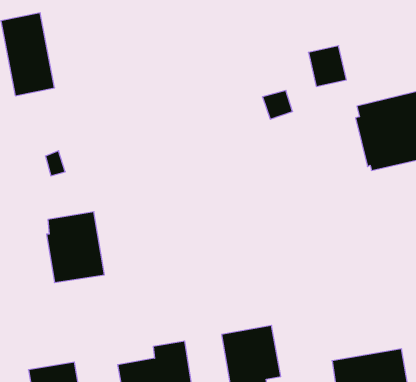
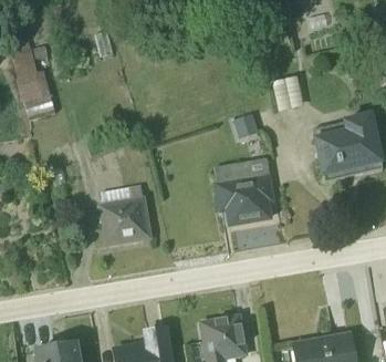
building: none -> [213,158,274,226]
building: [47,212,104,283] -> [101,184,149,244]

